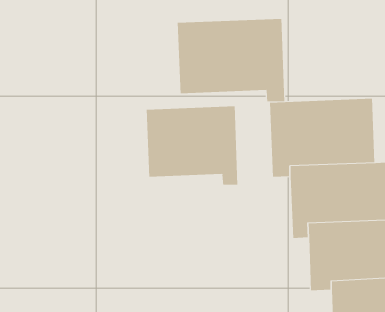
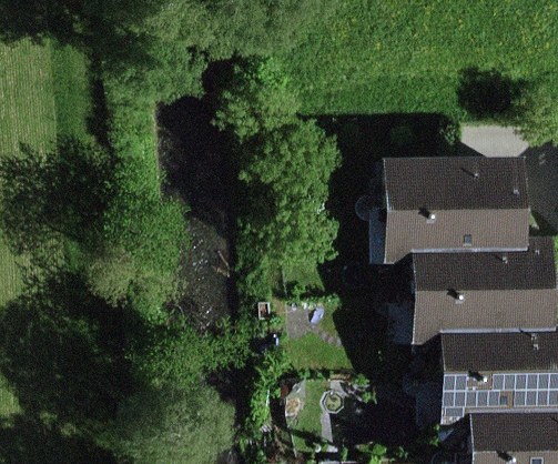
building: [177,18,285,102] -> none
building: [146,106,238,186] -> none

